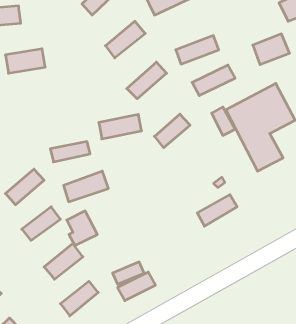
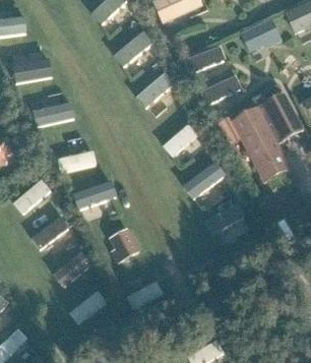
building: [253,34,290,65] -> [242,18,278,49]
building: [99,114,142,139] -> [35,102,77,126]
building: none -> [183,161,227,199]
building: [67,211,97,246] -> [110,226,140,260]

